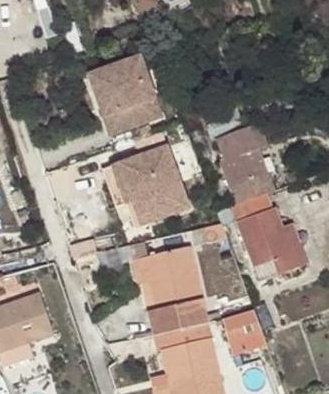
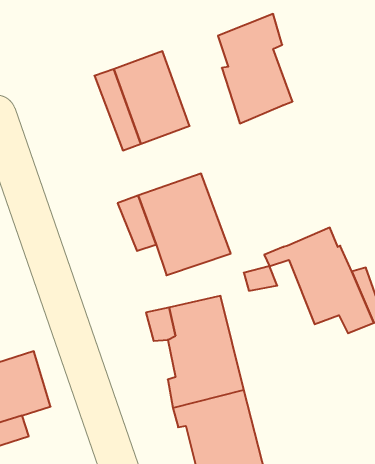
building: [219,121,277,206] -> [218,14,293,123]
building: [218,306,266,351] -> none

